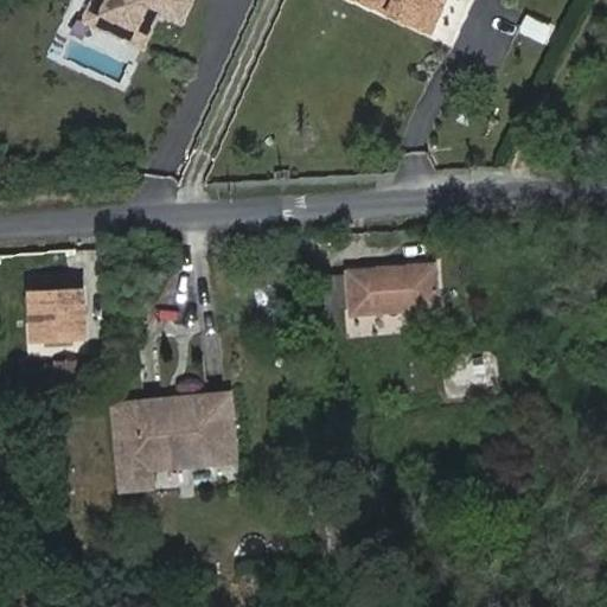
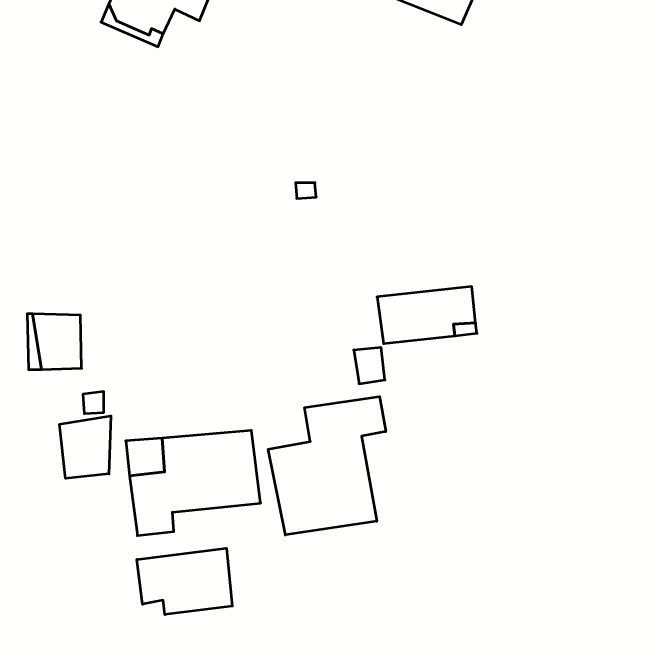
building: none -> [268,397,386,535]
building: none -> [60,416,111,478]
building: none -> [137,548,232,615]

